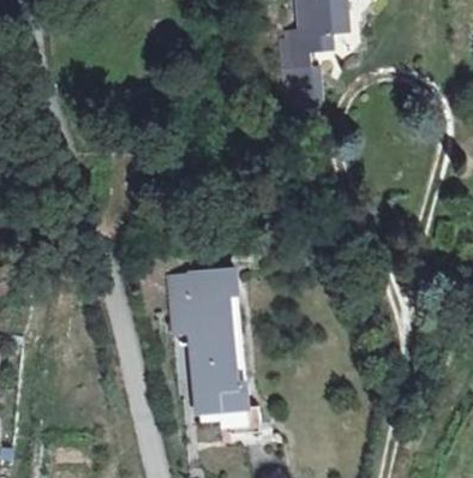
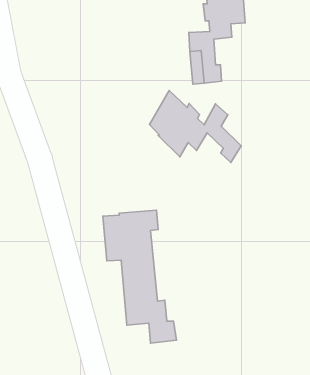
building: none -> [150,91,241,163]

